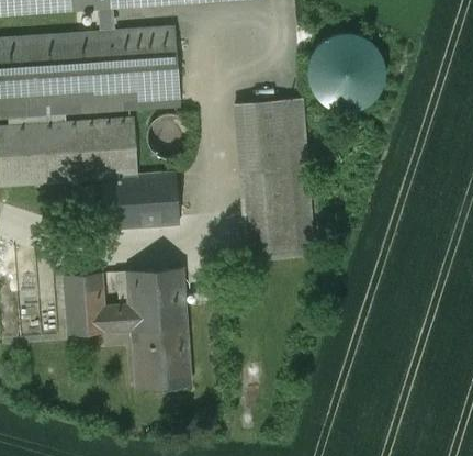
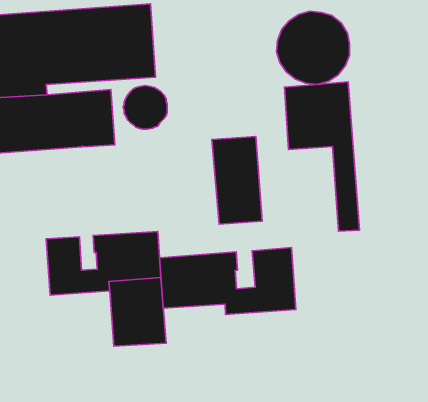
building: [235,99,314,256] -> [284,82,360,231]
building: [102,174,180,230] -> none
building: none -> [160,248,296,314]

